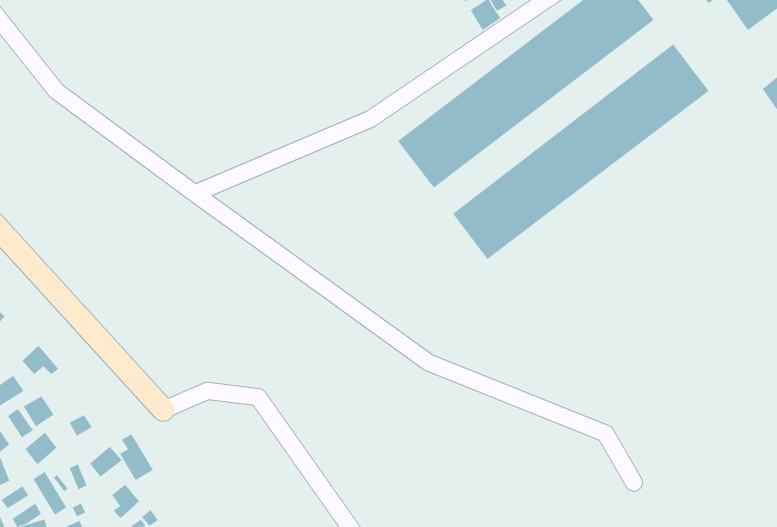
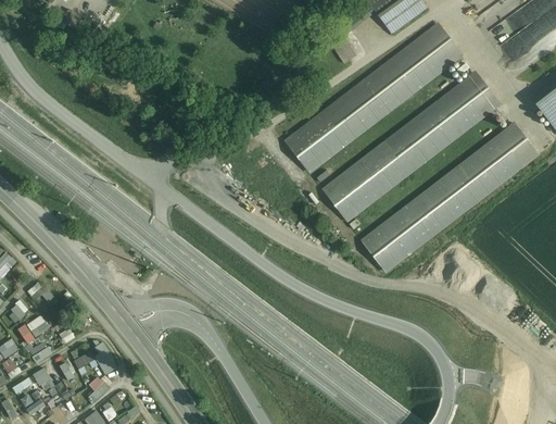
building: none -> [361,123,538,272]

